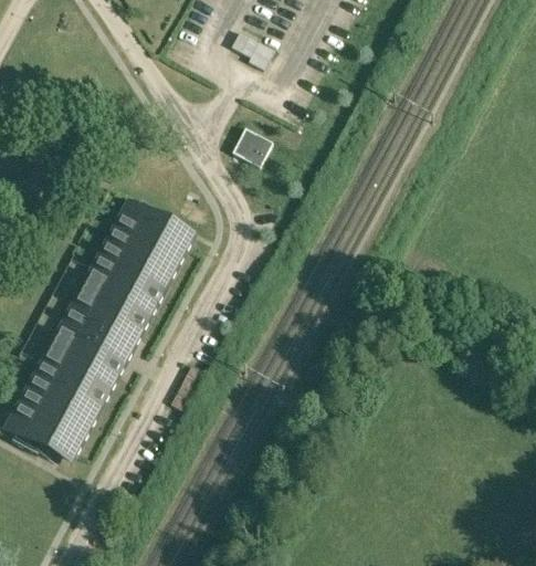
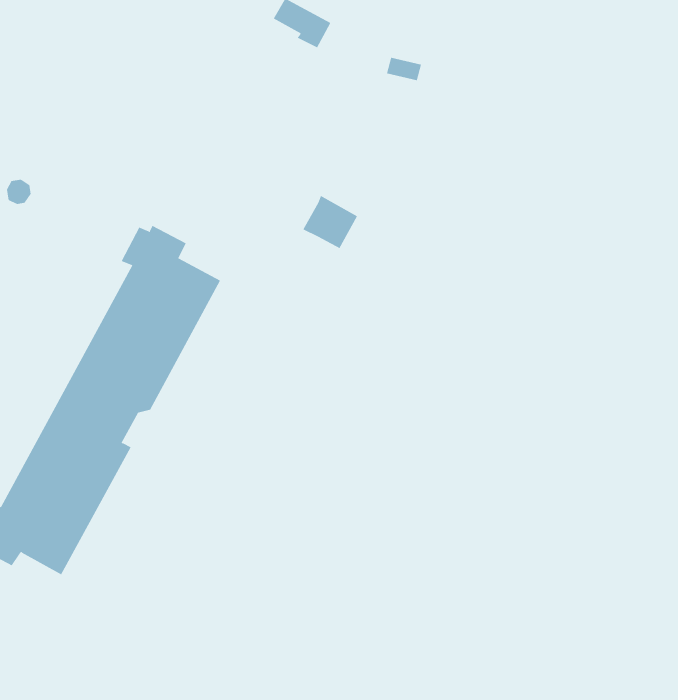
building: [230,126,271,166] -> [303,195,358,249]

